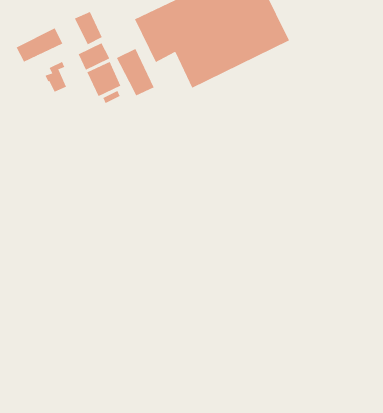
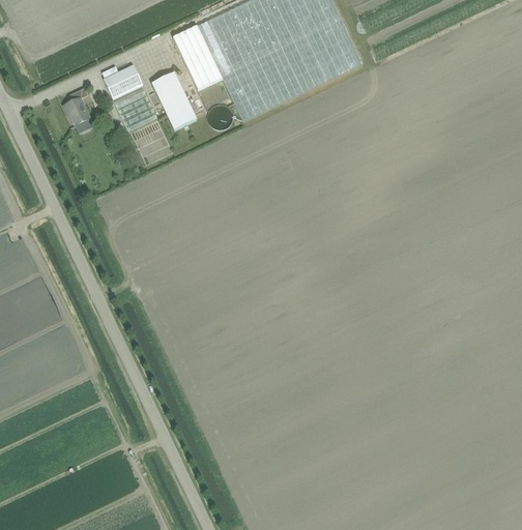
building: [74,11,103,45] -> none
building: [16,28,63,62] -> none

